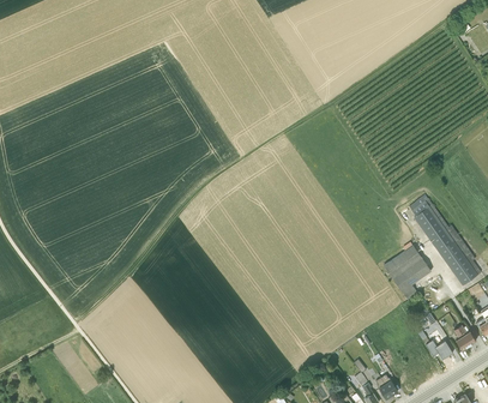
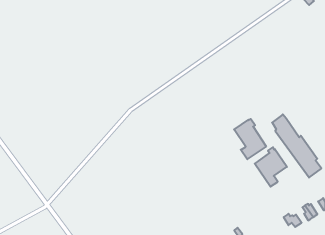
building: none -> [234,119,266,159]

